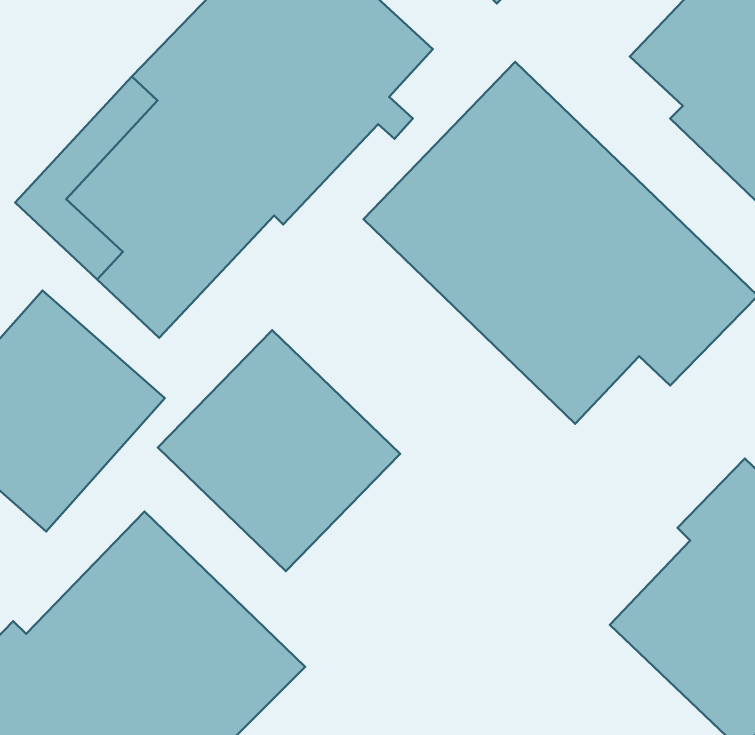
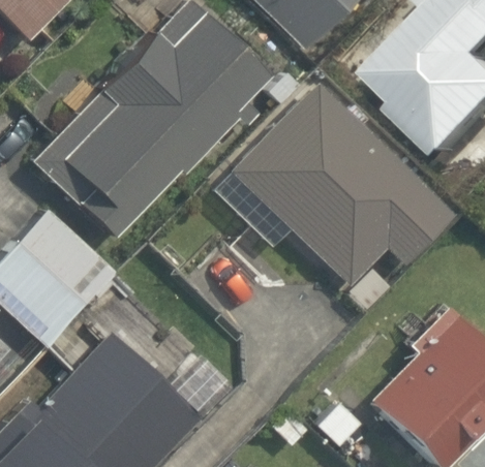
building: [158,330,400,571] -> none

